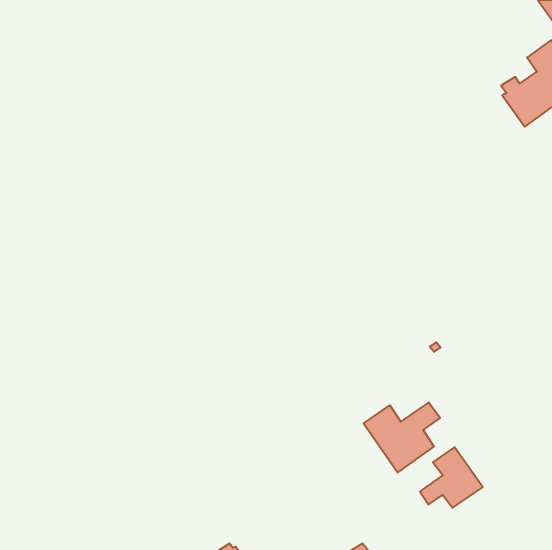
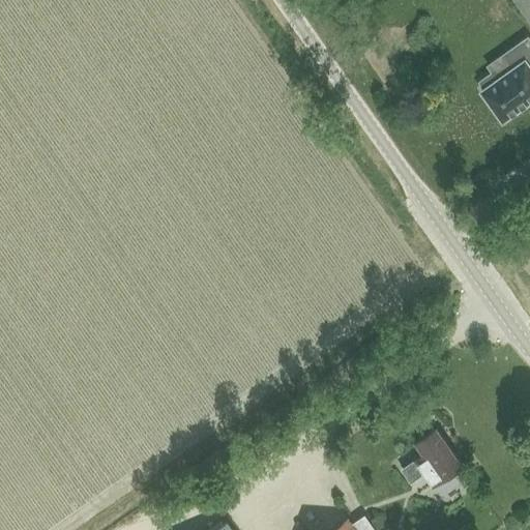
building: [364,402,440,473] -> none

